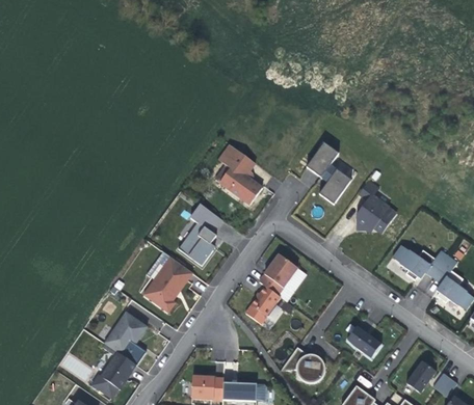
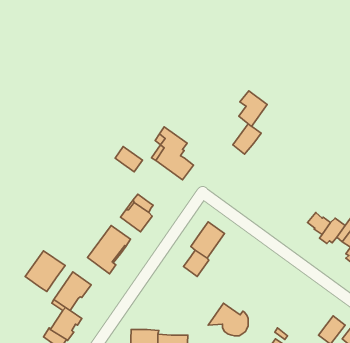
building: [320,164,352,205] -> [239,91,267,126]
building: [349,180,397,235] -> none
building: [192,204,223,233] -> [115,146,142,172]
building: none -> [25,251,65,291]
building: [346,326,381,358] -> none

